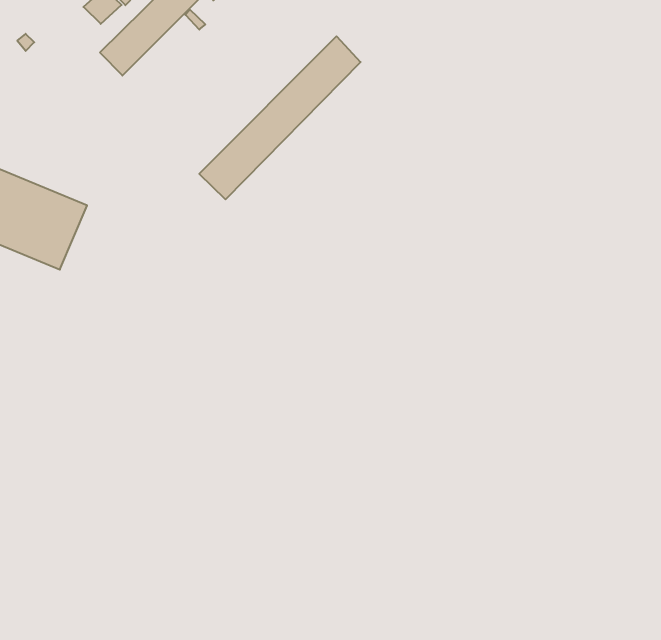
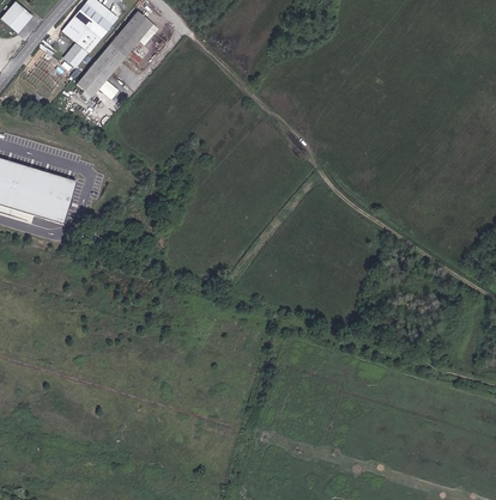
building: [199,36,361,199] -> none

